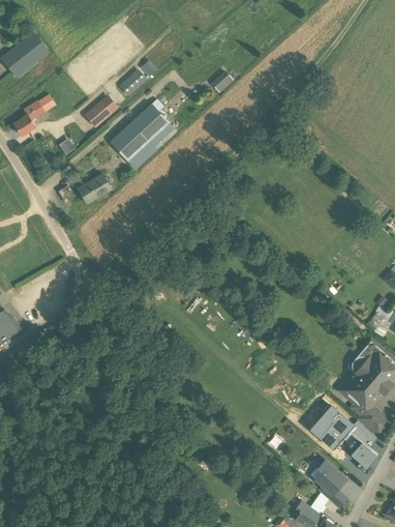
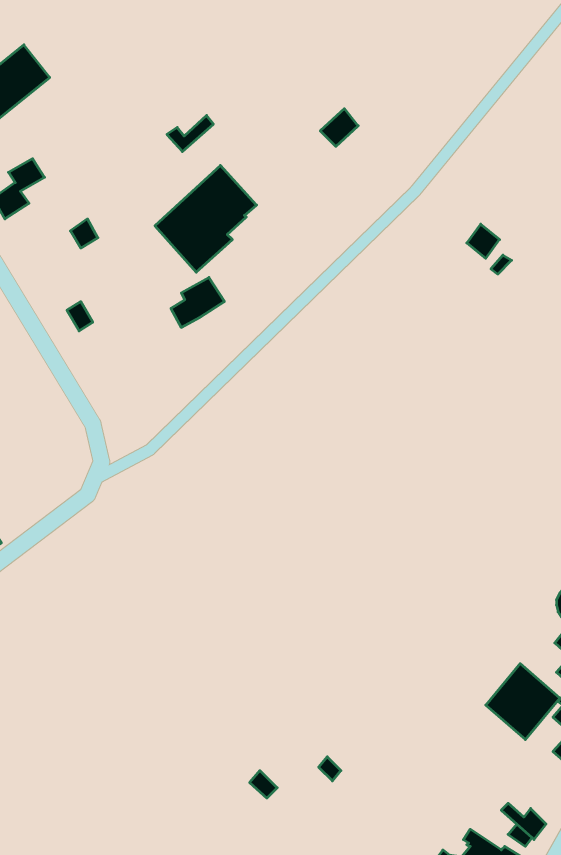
building: [85,93,119,126] -> none
building: [81,173,113,203] -> [171,277,224,327]
building: [316,461,346,495] -> none

